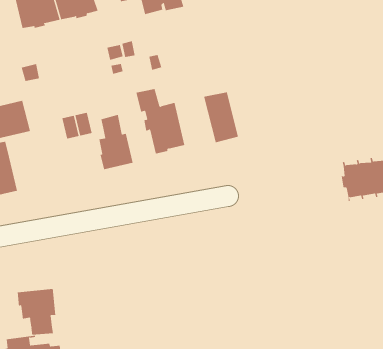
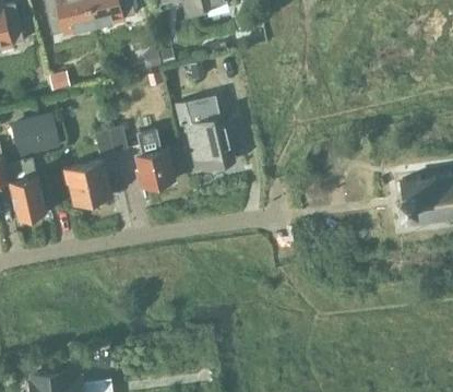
building: [204,91,238,143] -> none
building: none -> [61,158,111,204]
building: [17,288,56,335] -> none

